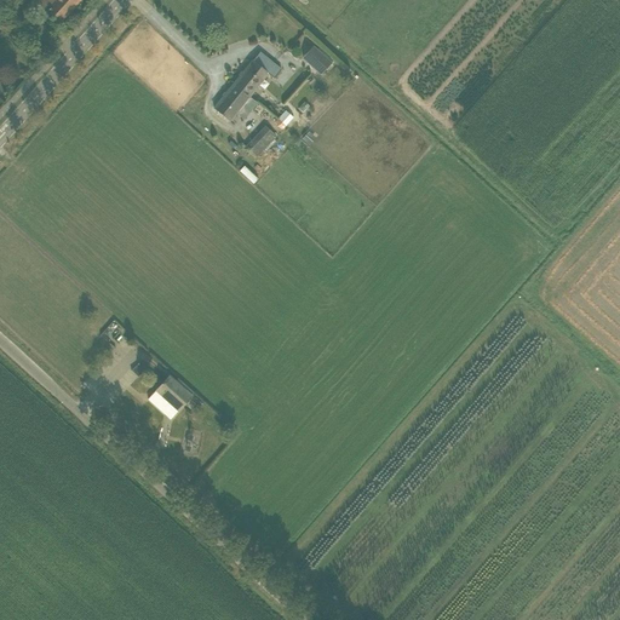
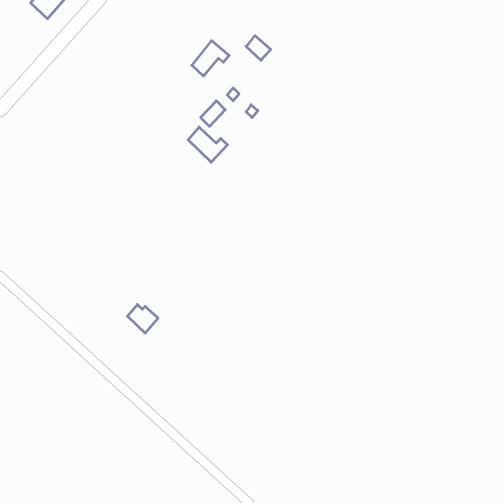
building: [214,80,251,119] -> none
building: none -> [188,127,228,162]

